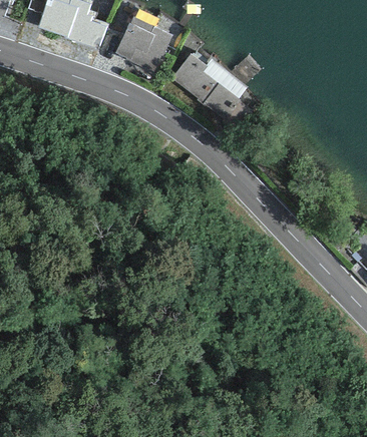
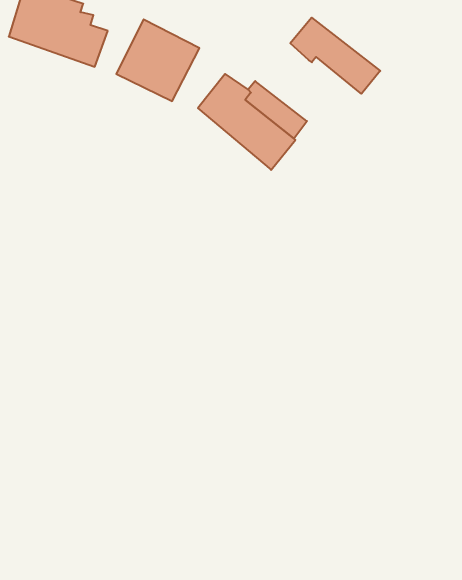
building: none -> [290,18,380,94]

